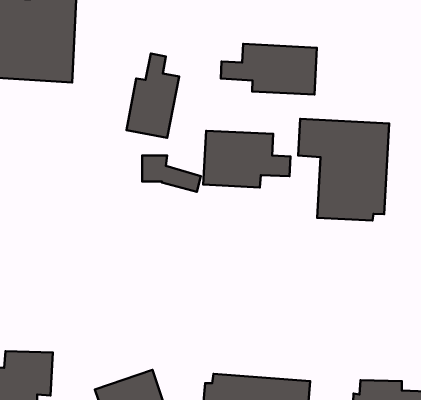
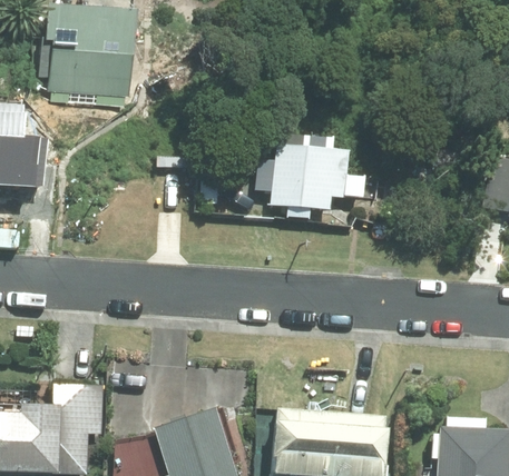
building: [221,44,317,95] -> none
building: [126,54,179,138] -> none
building: [298,119,389,221] -> none

